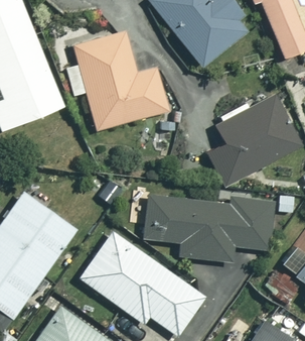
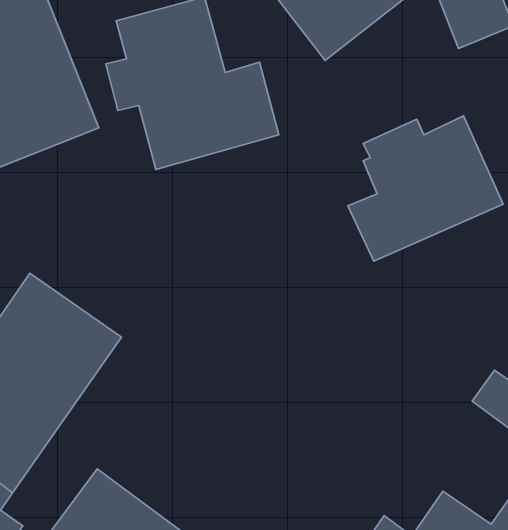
building: [143,195,274,262] -> none
building: [81,230,206,336] -> none

